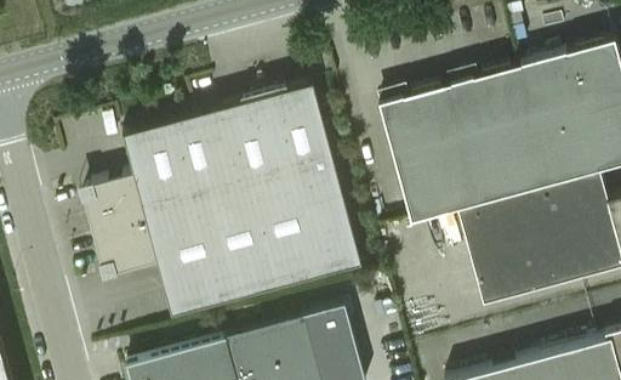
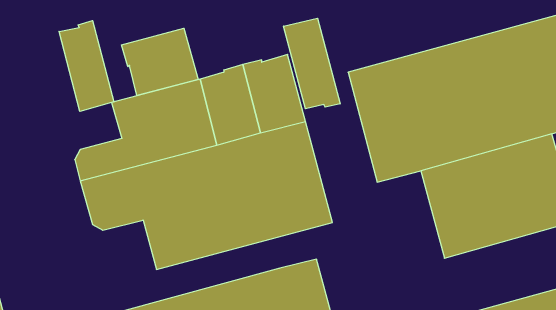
building: none -> [284,18,340,109]
building: none -> [59,21,114,111]
building: none -> [122,28,198,96]

